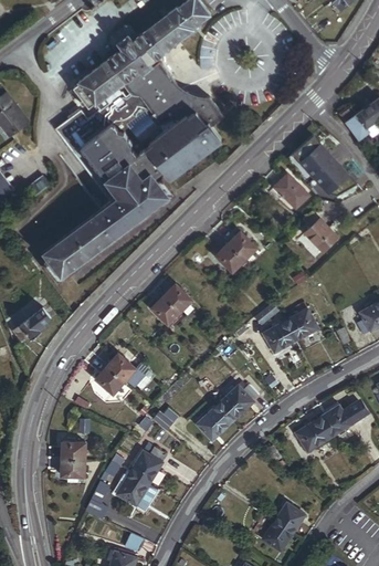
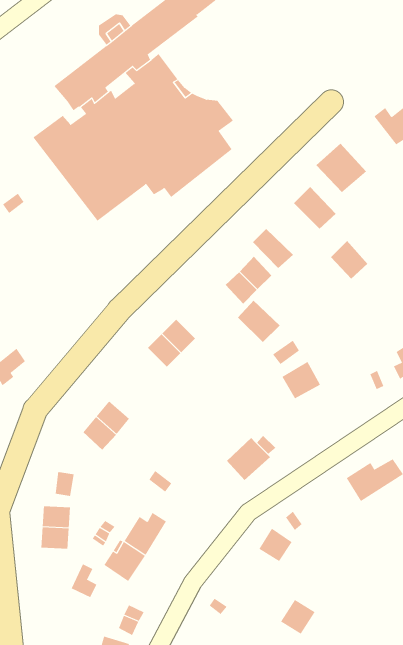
building: [315,160,357,196] -> none
building: [44,171,173,283] -> none
building: none -> [252,228,294,269]
building: none -> [237,300,280,343]
building: [286,307,319,339] -> none
building: [198,403,233,440] -> none
building: [297,418,330,451] -> none
building: [275,502,304,531] -> [258,528,293,562]

